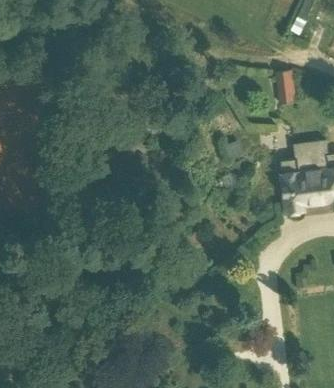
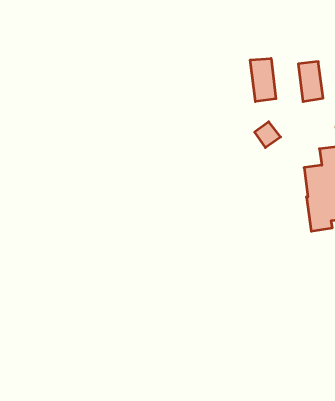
building: none -> [250,58,276,102]

